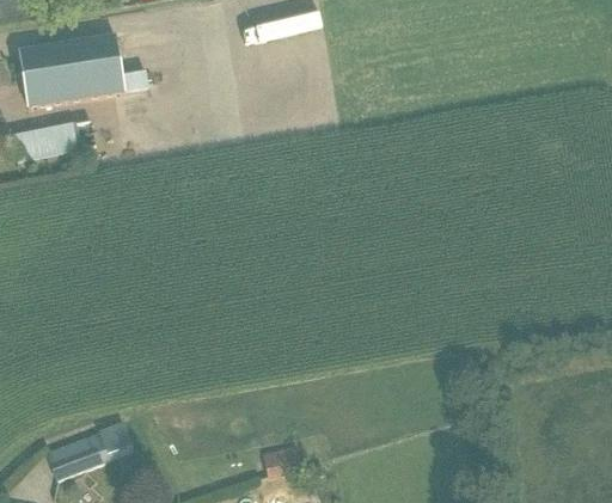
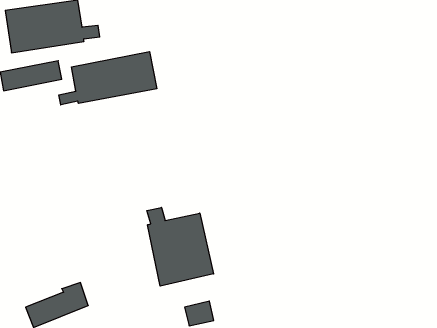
building: none -> [59,52,157,105]
building: none -> [147,207,214,286]

